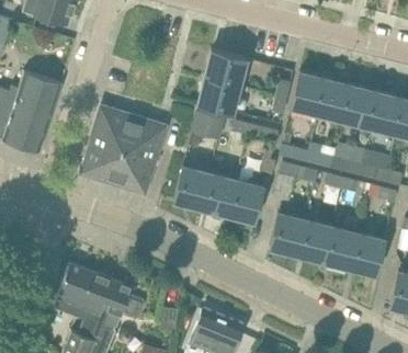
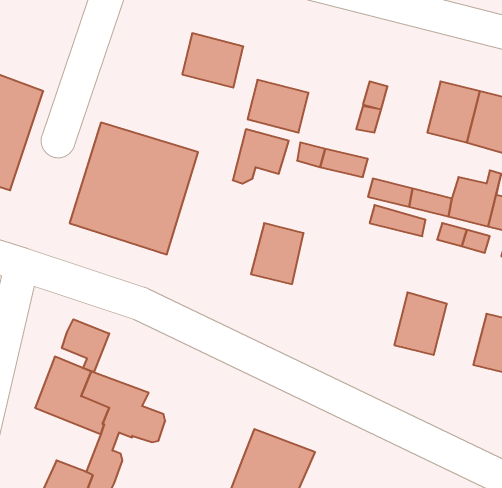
building: [205,50,246,87] -> [182,33,243,88]
building: [292,72,327,113] -> none
building: [174,167,209,207] -> none
building: [228,180,263,220] -> none
building: [270,213,305,254] -> none
building: [322,227,358,267] -> none
building: none -> [62,319,109,372]

